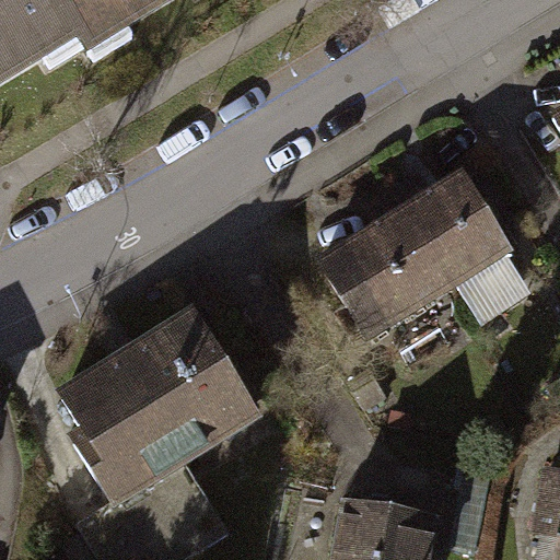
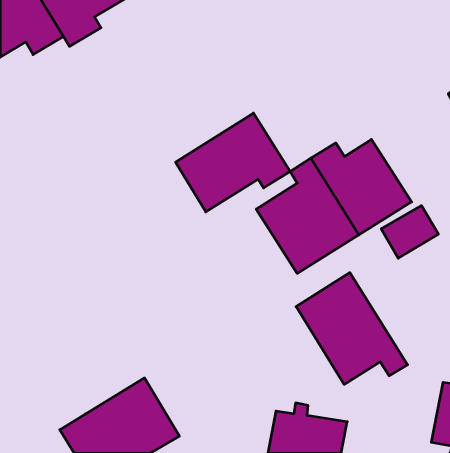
building: none -> [176,113,290,212]
building: [61,314,250,506] -> none
building: none -> [296,273,408,384]

